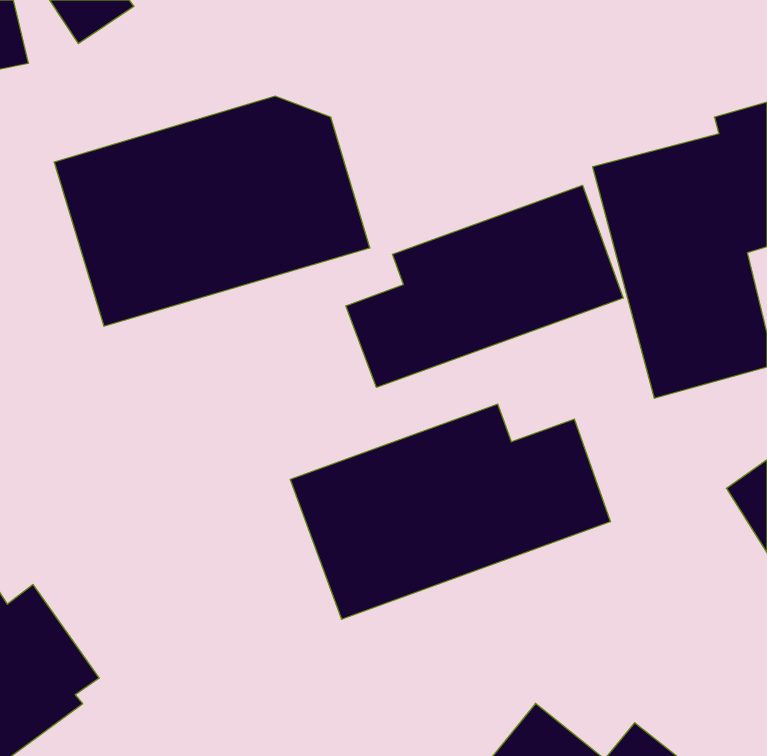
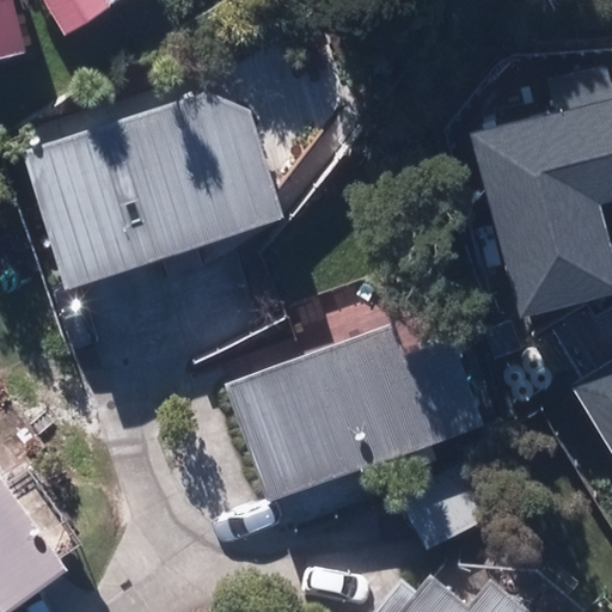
building: [346,185,623,387] -> none

